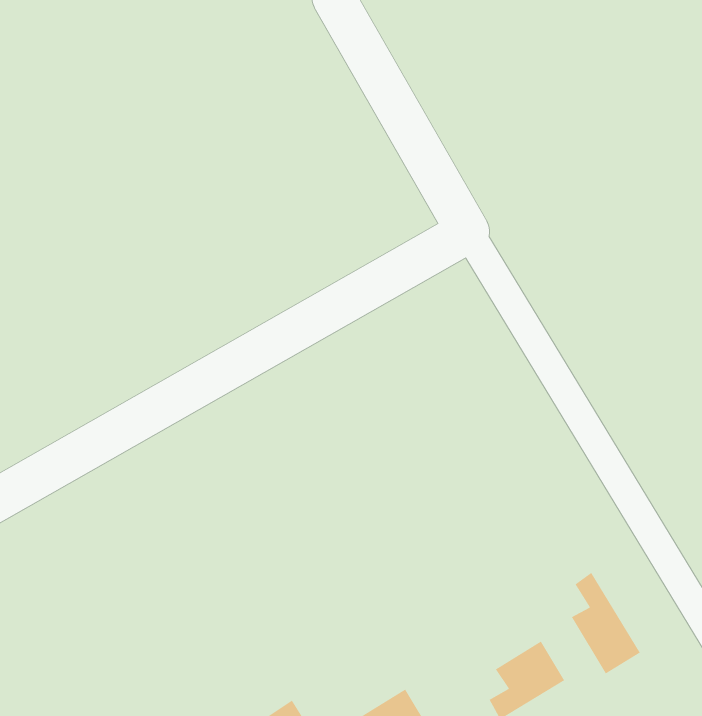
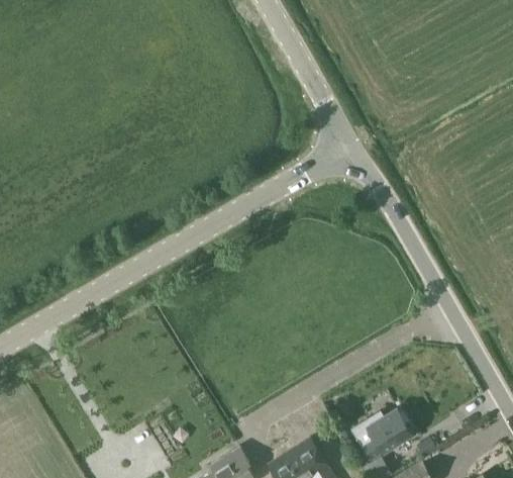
building: [571,572,641,675] -> none

